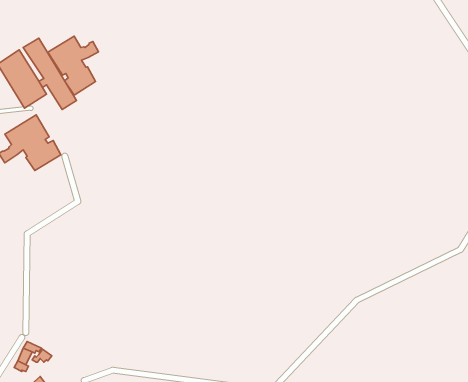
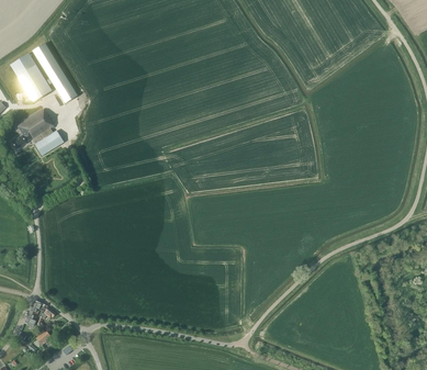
building: [48,36,98,95] -> none

